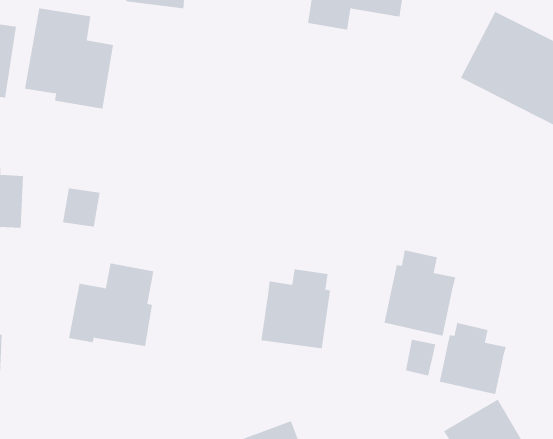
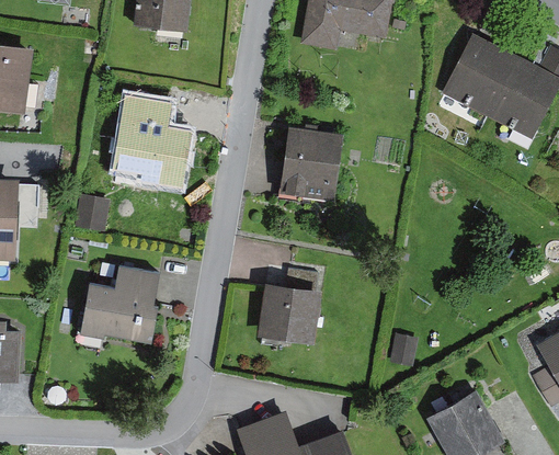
building: [24,8,114,109] -> [111,95,193,189]
building: none -> [278,127,342,202]
building: [384,250,456,336] -> none
building: [439,322,506,395] -> none

